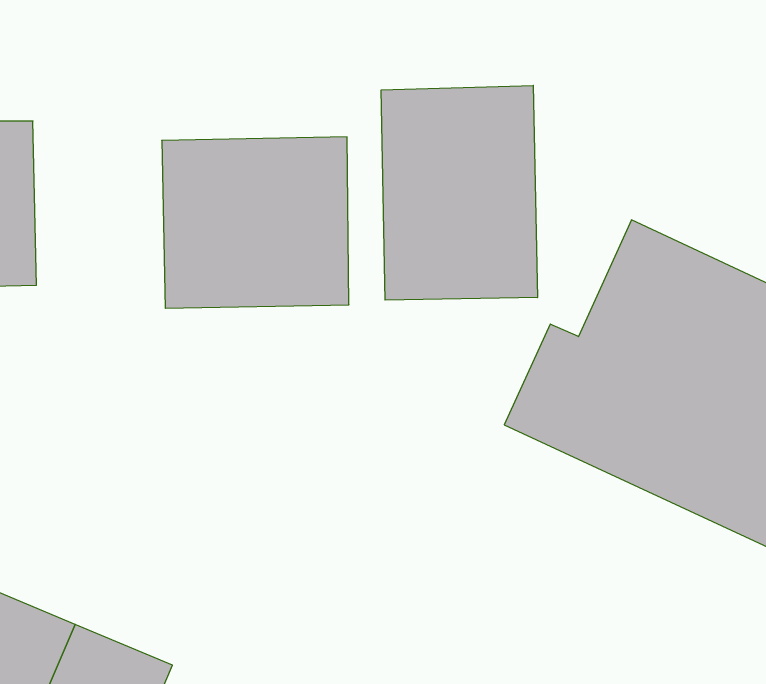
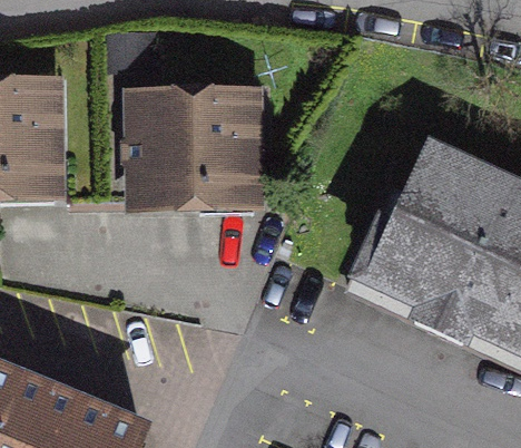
building: [381,85,537,300] -> none

